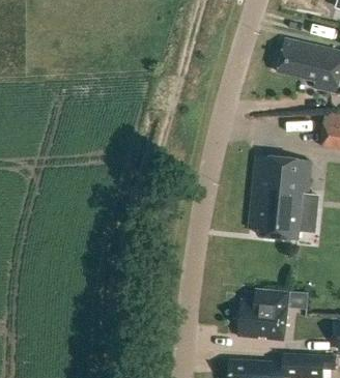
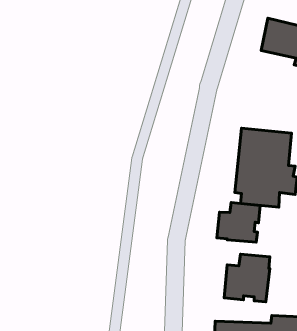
building: none -> [217,202,260,242]

